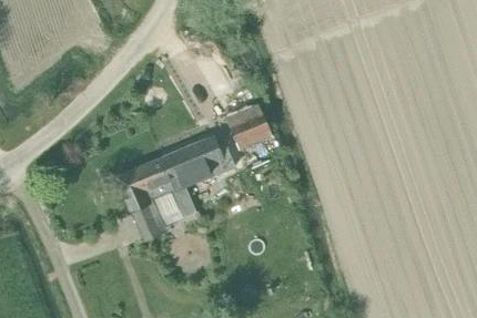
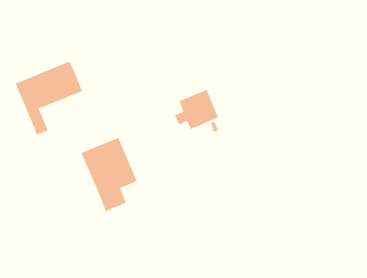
building: [159,132,235,216] -> [15,61,83,135]

